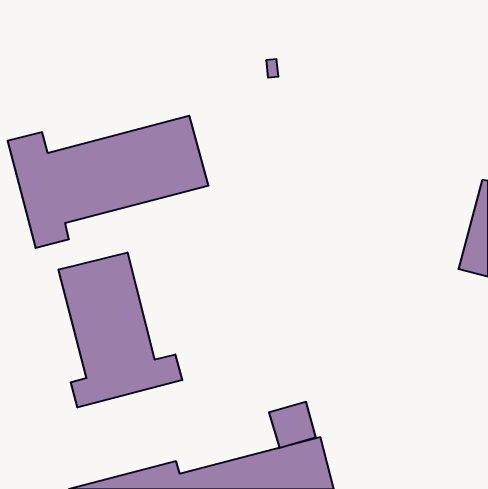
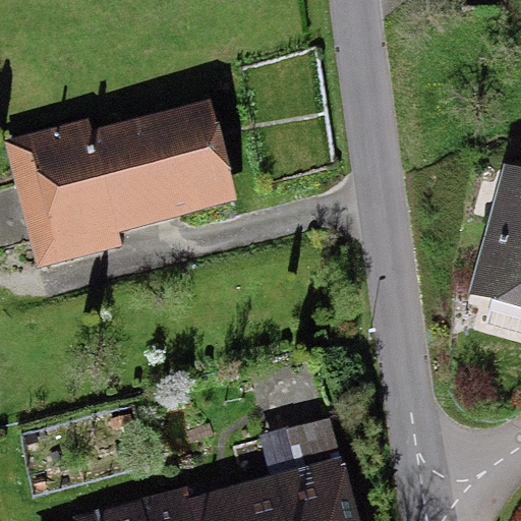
building: [59,252,182,407] -> none

